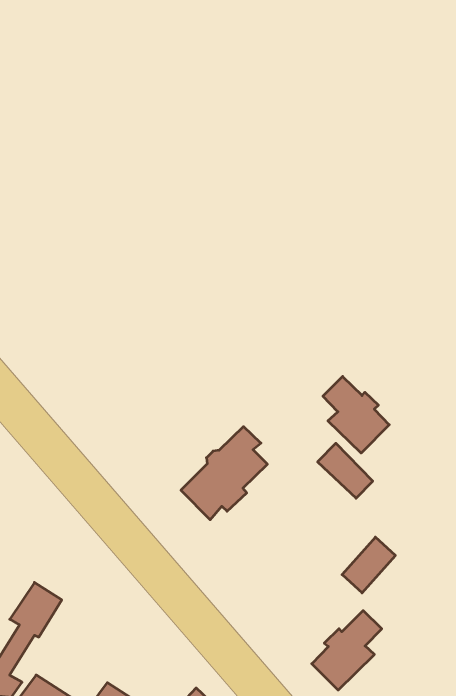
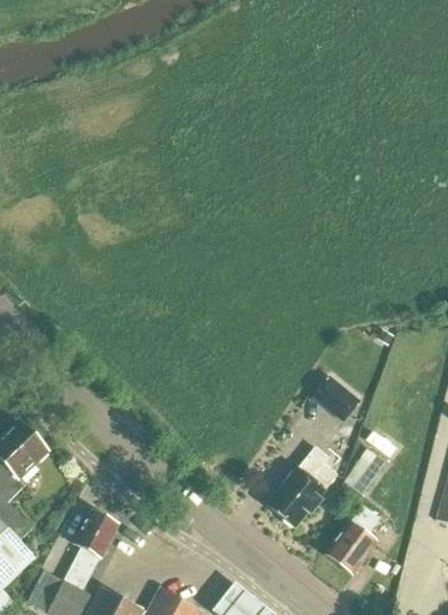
building: [323,376,389,453] -> none
building: [181,427,267,520] -> [268,448,336,527]

